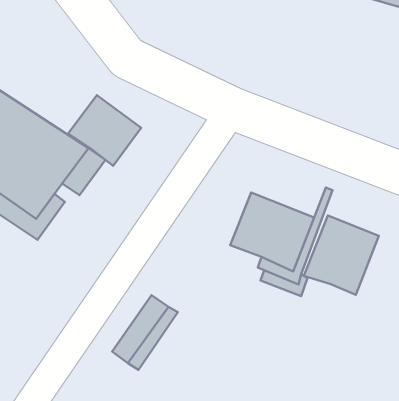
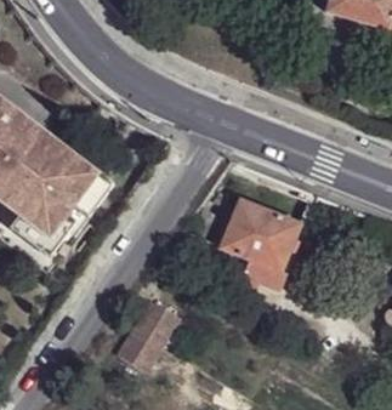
building: [68,95,141,166] -> none
building: [304,216,379,295] -> none

